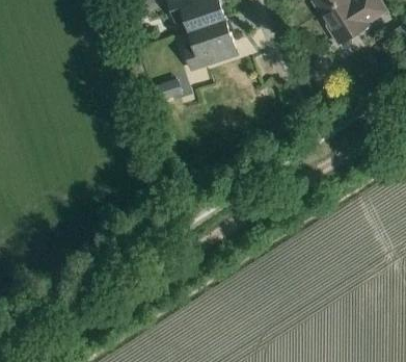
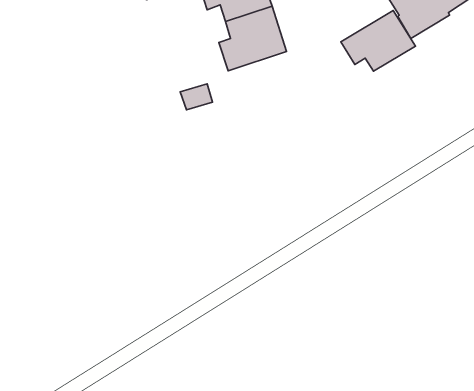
building: none -> [341,11,416,71]

